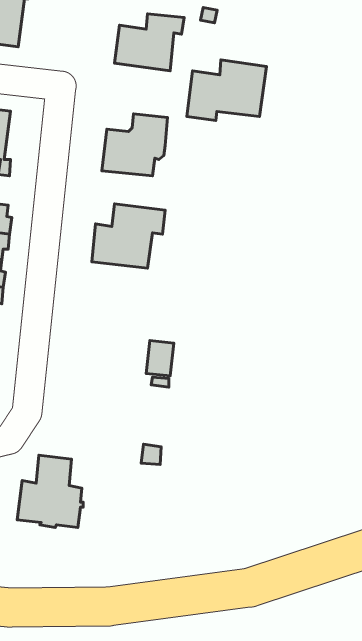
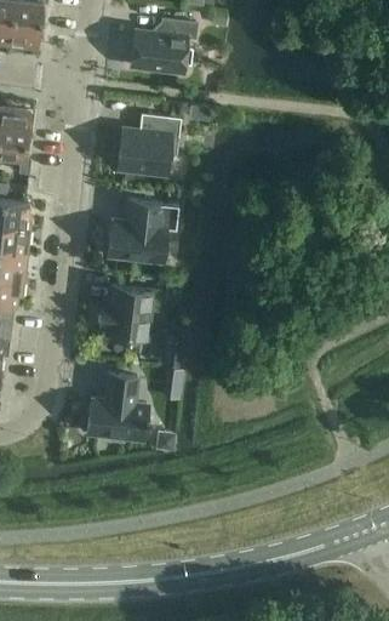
building: [187,60,266,121] -> none
building: none -> [99,286,159,340]
building: [17,455,83,527] -> [86,372,149,441]

